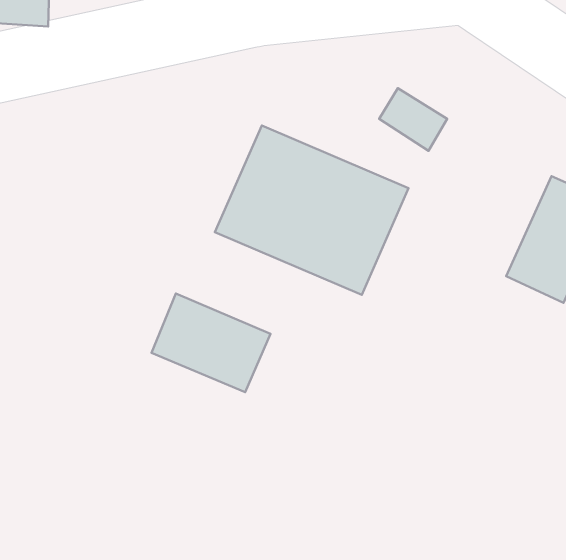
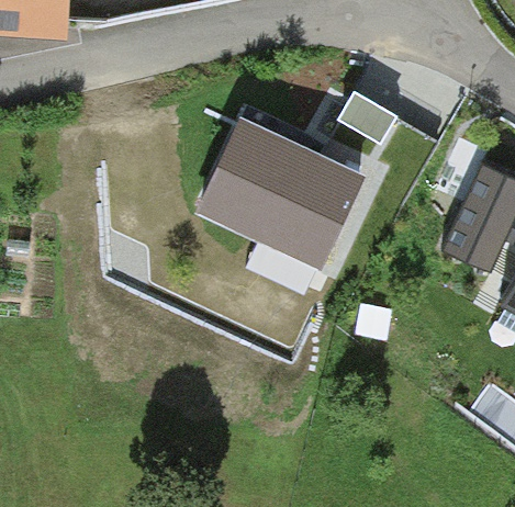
building: [152,293,271,392] -> none

